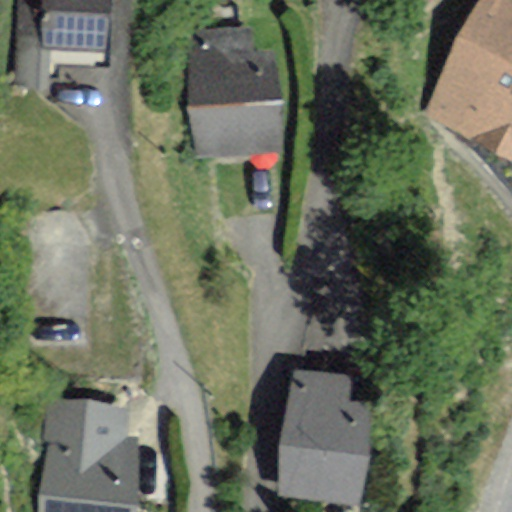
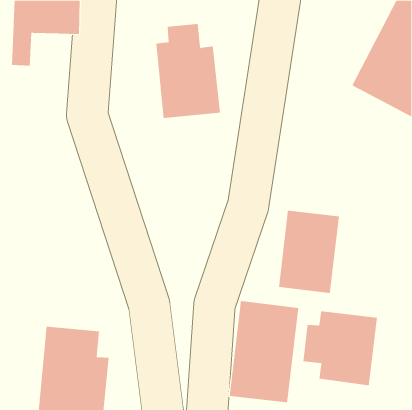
building: none -> [279,210,340,294]
building: none -> [303,310,377,386]

